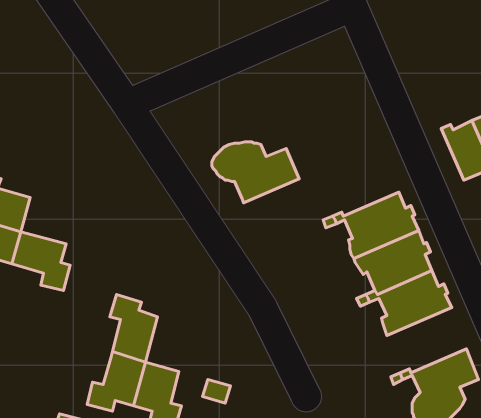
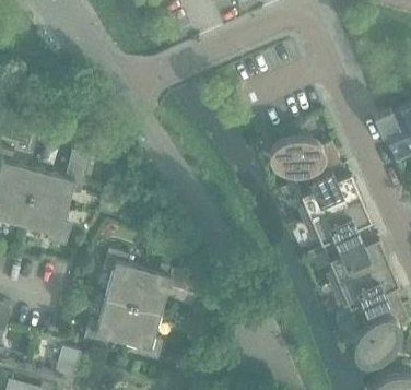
building: [212,142,299,203] -> [269,138,341,188]
building: none -> [30,154,90,211]
building: none -> [331,263,397,317]
building: none -> [132,268,199,316]

